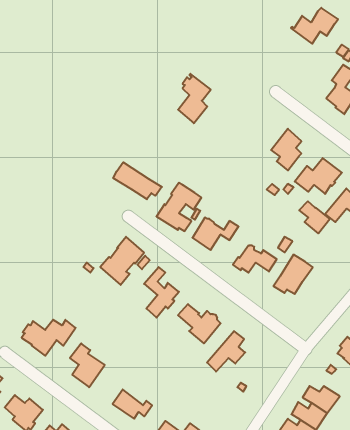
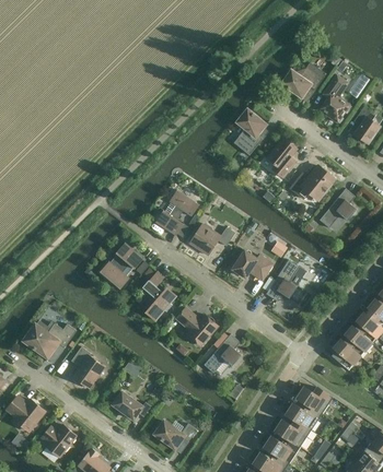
building: [291,8,338,44] -> [279,62,325,97]
building: [178,74,211,123] -> [233,107,265,155]
building: [113,162,162,199] -> none
building: [299,201,330,233] -> none

